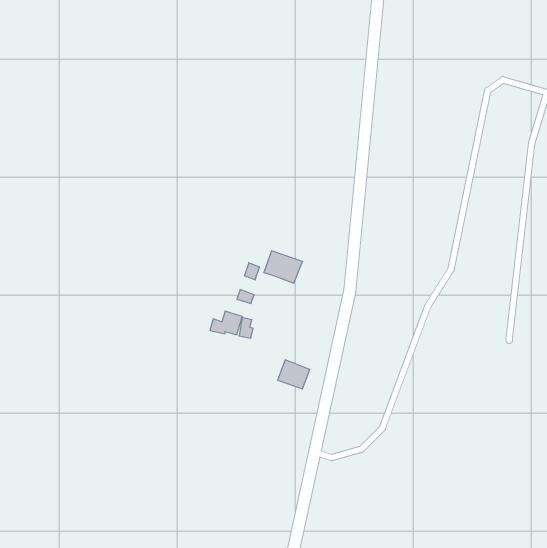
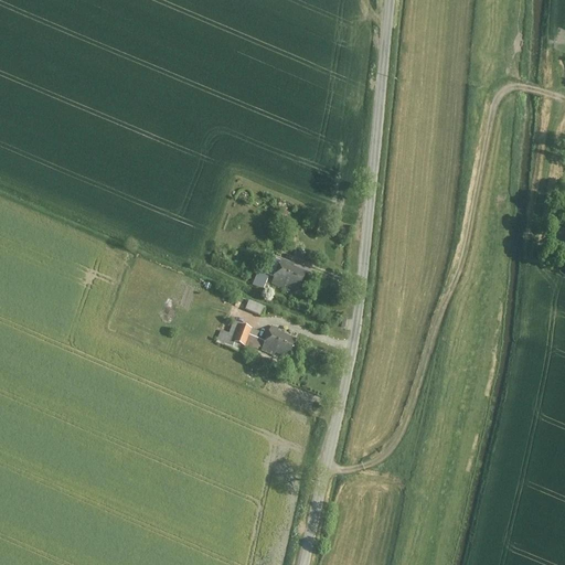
building: [278,360,310,389] -> [260,327,294,356]

